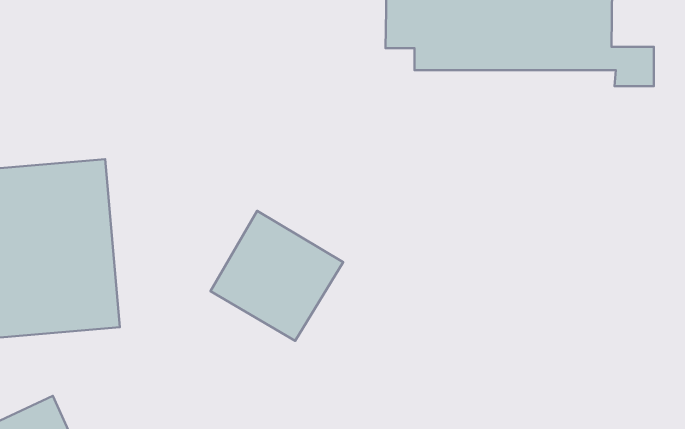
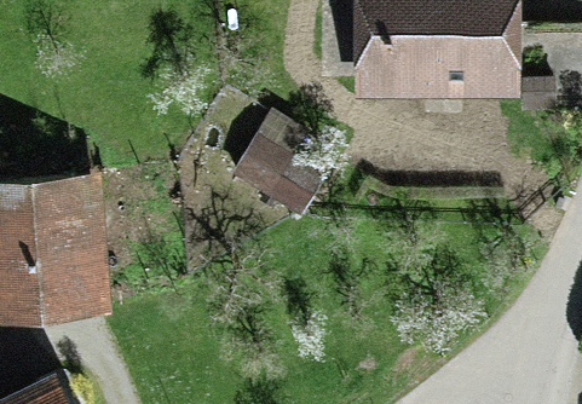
building: [210,211,343,341] -> [231,108,341,215]

